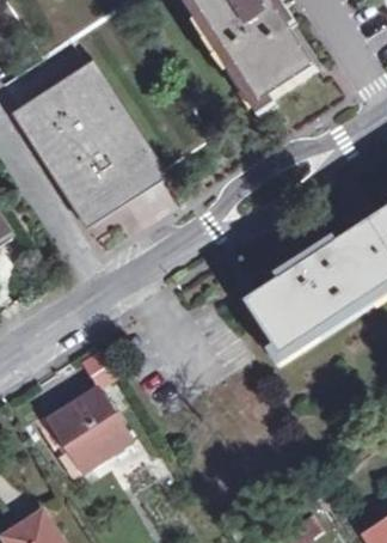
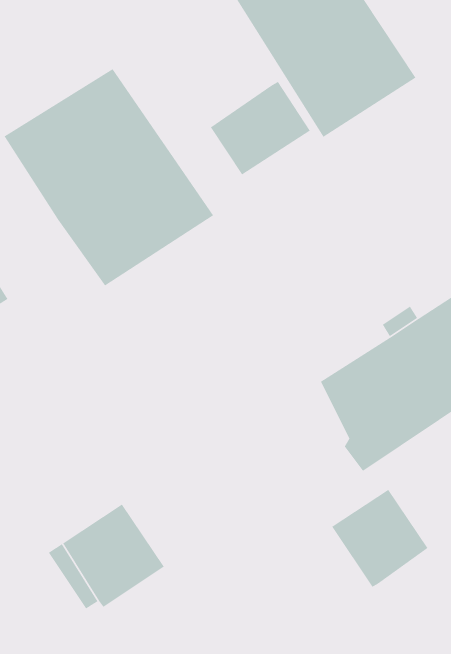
building: none -> [210,81,311,176]
building: none -> [331,489,429,588]

